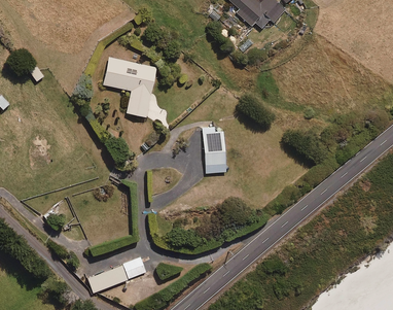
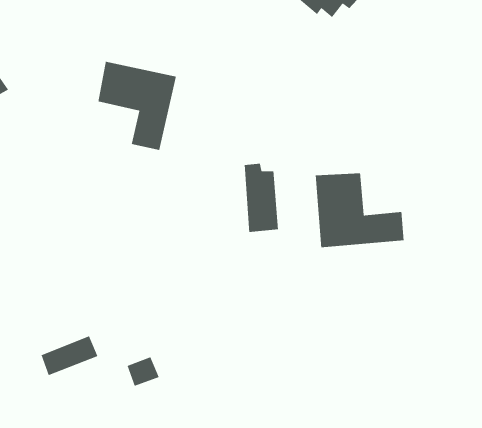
building: none -> [315,172,404,248]
building: [88,265,128,292] -> [41,335,99,376]

